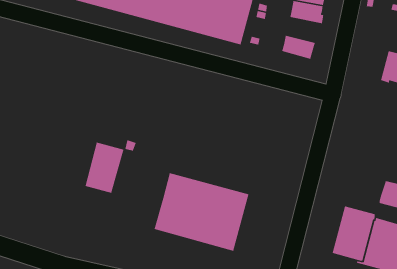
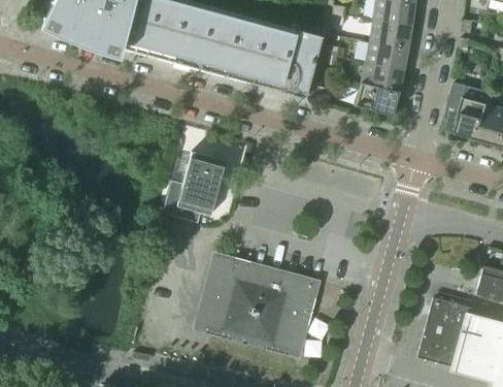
building: none -> [360,62,406,93]
building: none -> [445,82,492,138]
building: [85,142,124,194] -> [176,150,226,215]

